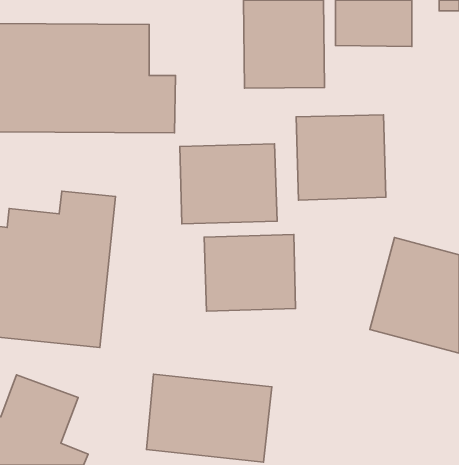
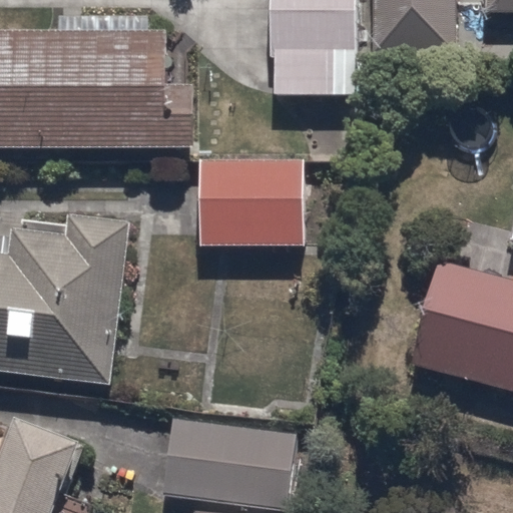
building: [296,115,386,200] -> none
building: [204,234,296,311] -> none

